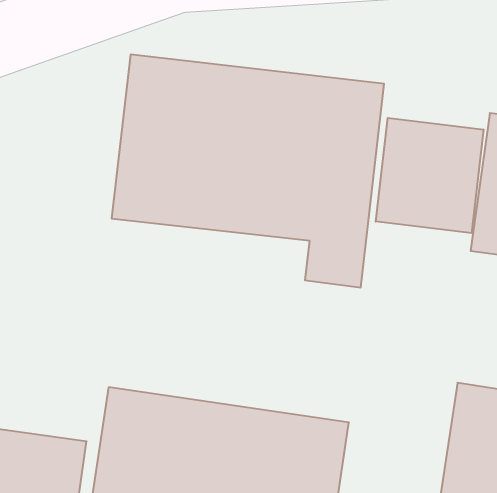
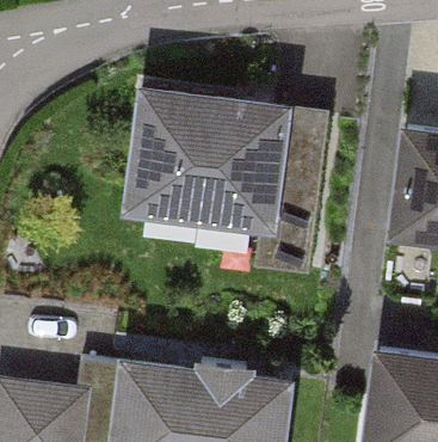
building: [376,118,483,233] -> none

